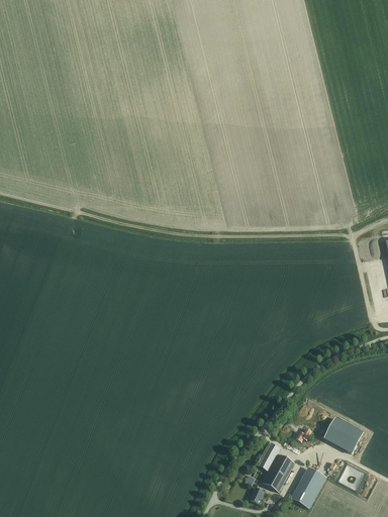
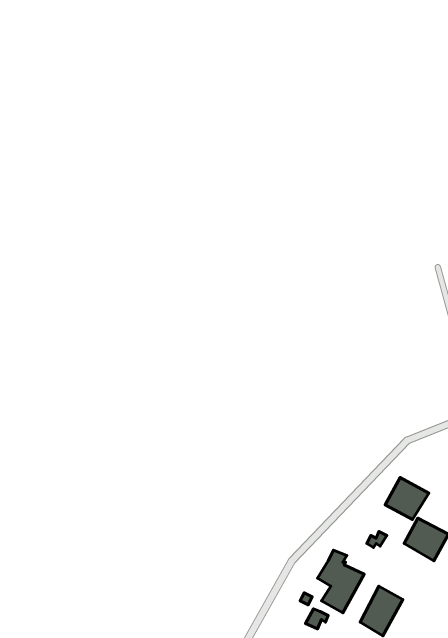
building: none -> [385,477,429,520]

